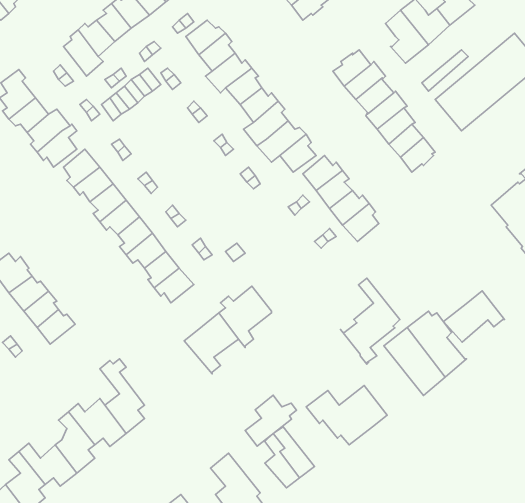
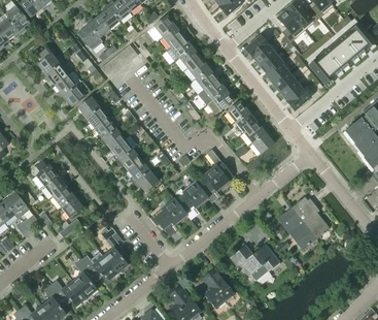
building: [340,278,400,364] -> [195,150,232,203]
building: [443,291,504,342] -> none
building: [245,395,297,446] -> none

